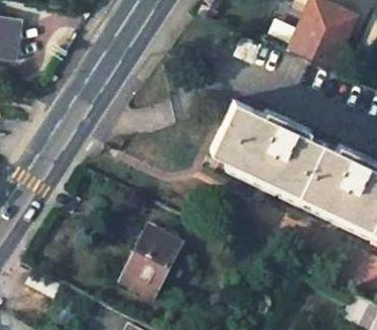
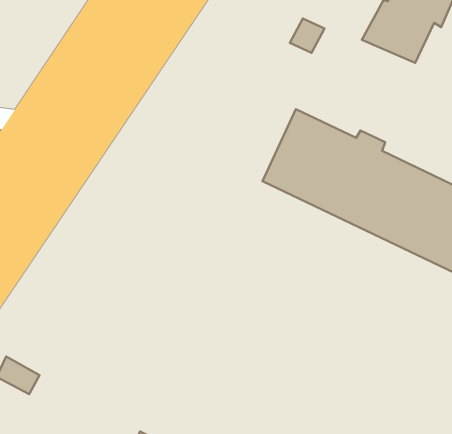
building: [119,228,179,300] -> none

